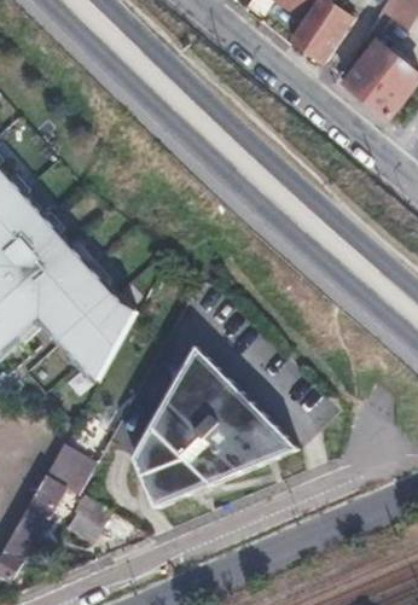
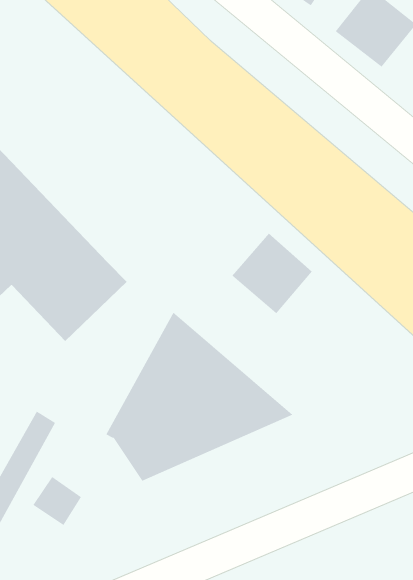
building: none -> [232,233,312,314]

